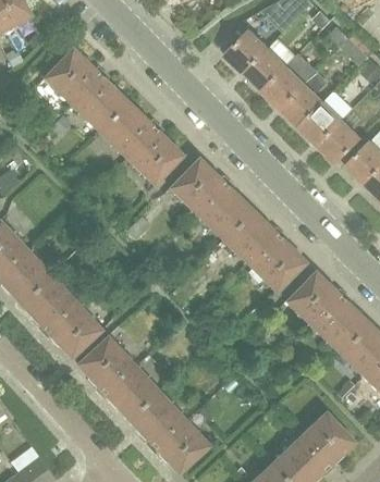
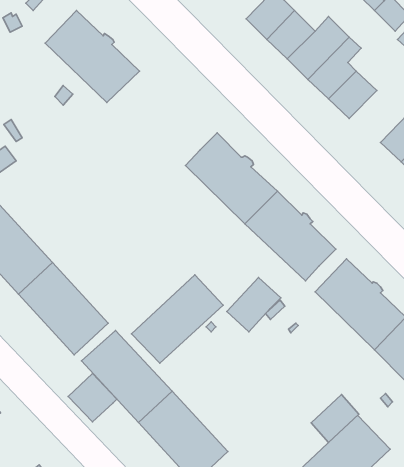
building: [99,103,183,186] -> none
building: [317,121,360,164] -> none
building: none -> [132,275,223,363]
building: none -> [227,278,281,332]
building: none -> [68,374,117,422]
building: none -> [311,394,359,443]

